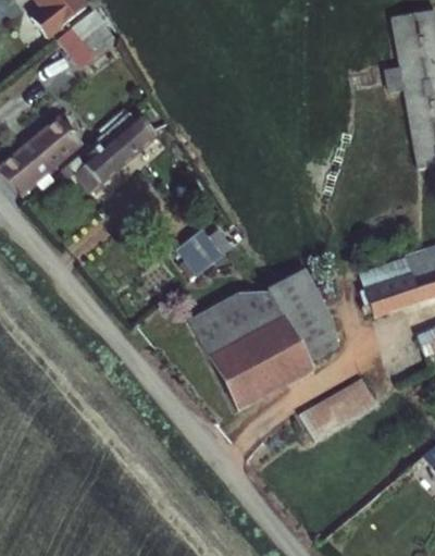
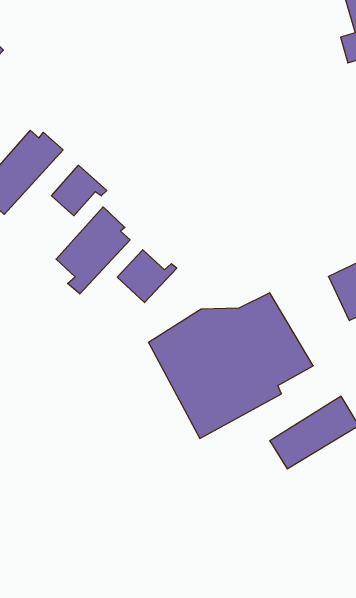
building: none -> [51,165,107,216]
building: none -> [56,207,130,294]

